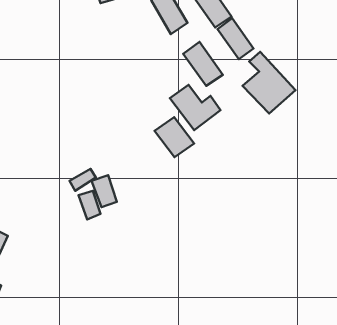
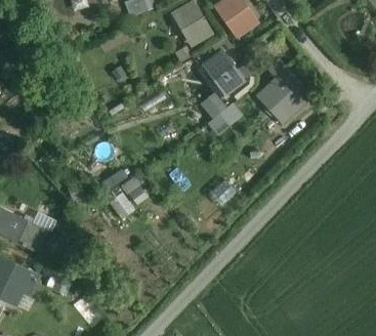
building: [218,18,253,59] -> none
building: [154,117,194,157] -> none

